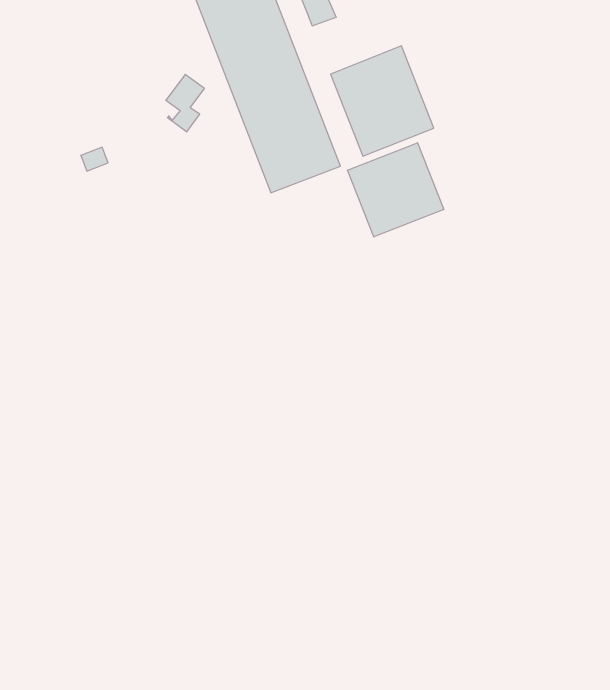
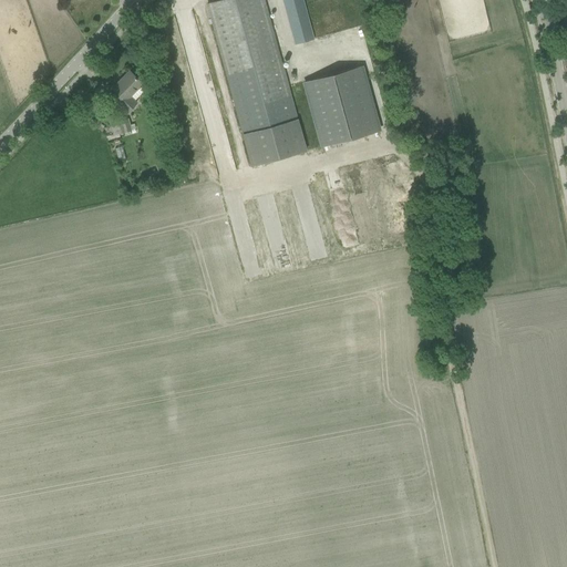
building: [166,74,204,132] -> [113,71,143,114]
building: [348,143,444,237] -> none

